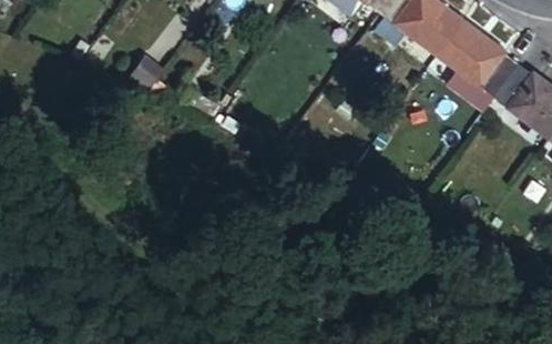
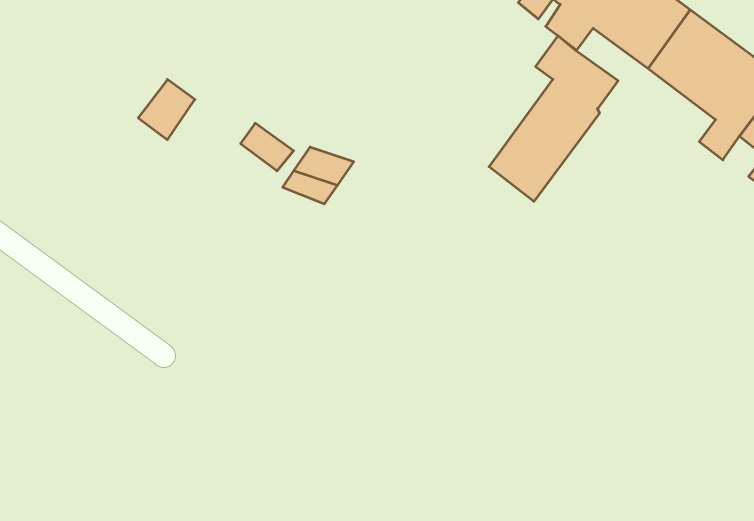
building: none -> [489,36,618,201]

